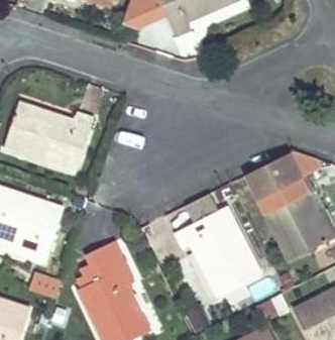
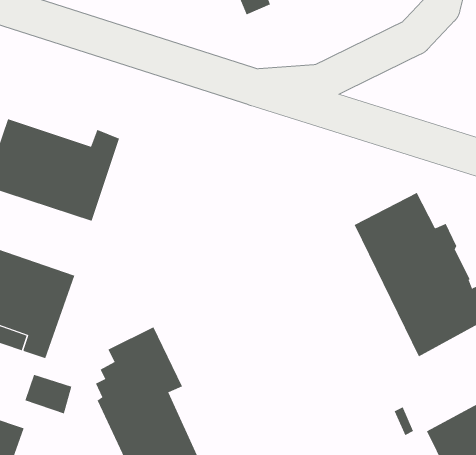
building: [175,207,261,295] -> none

